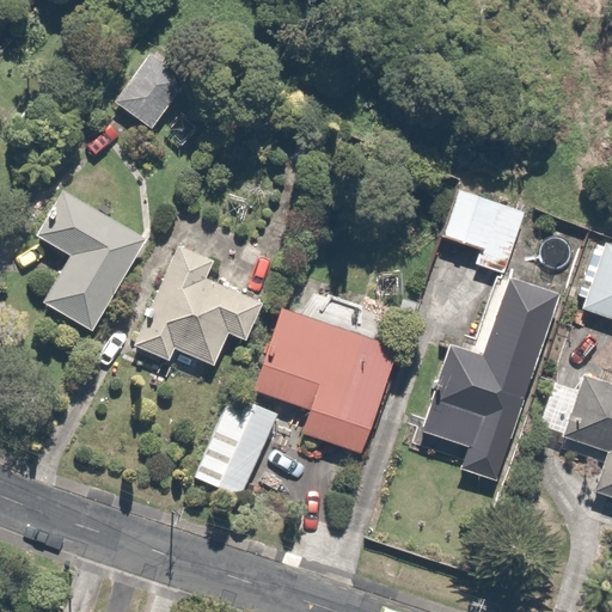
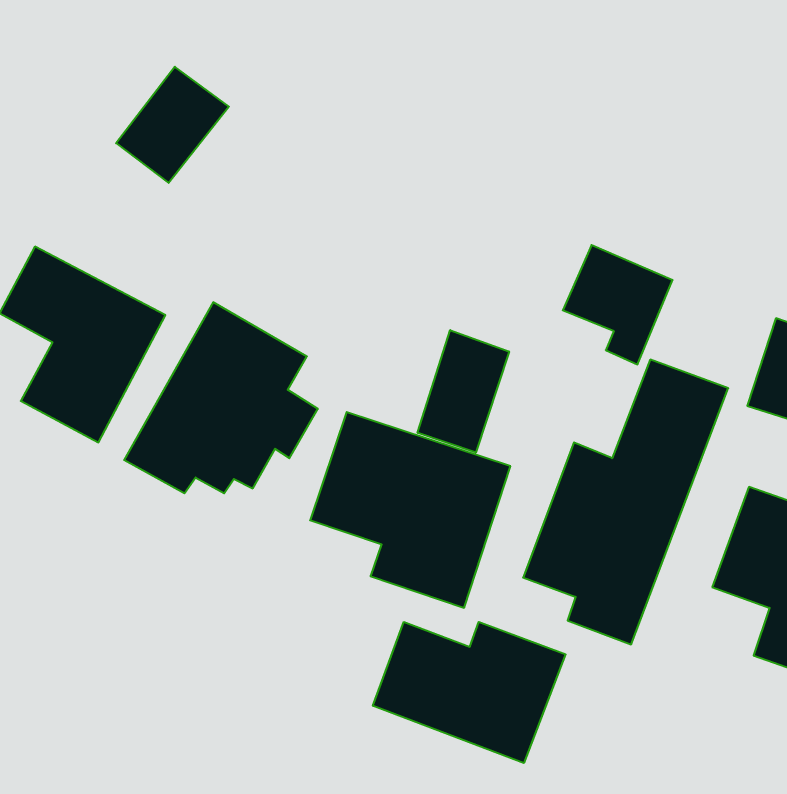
building: none -> [418,330,509,453]
building: [188,393,275,494] -> none
building: none -> [373,622,566,763]

